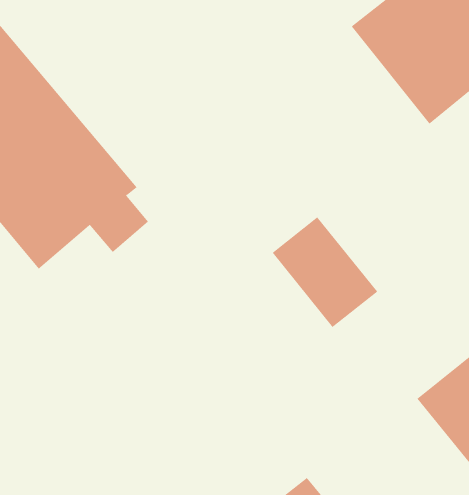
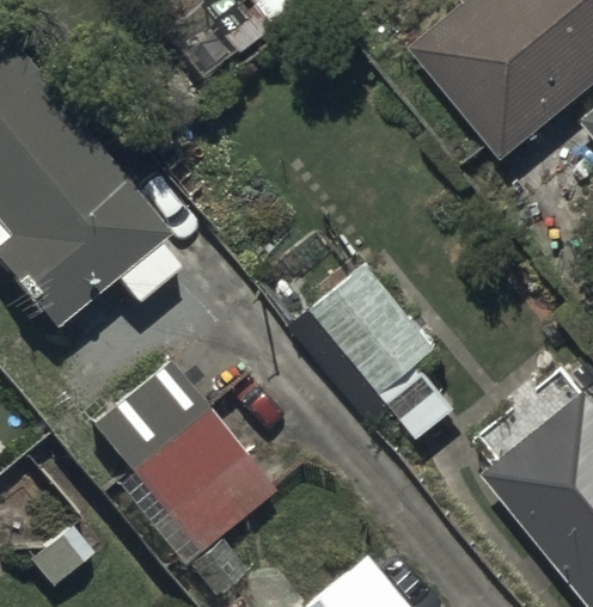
building: none -> [94,364,275,566]

